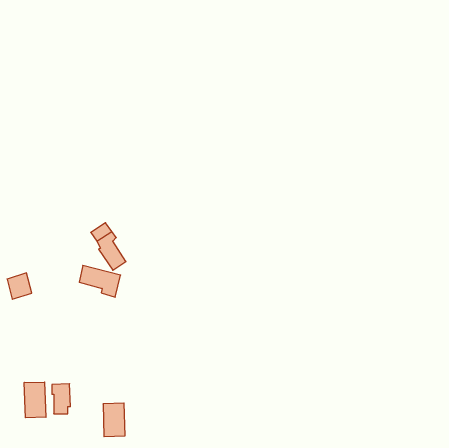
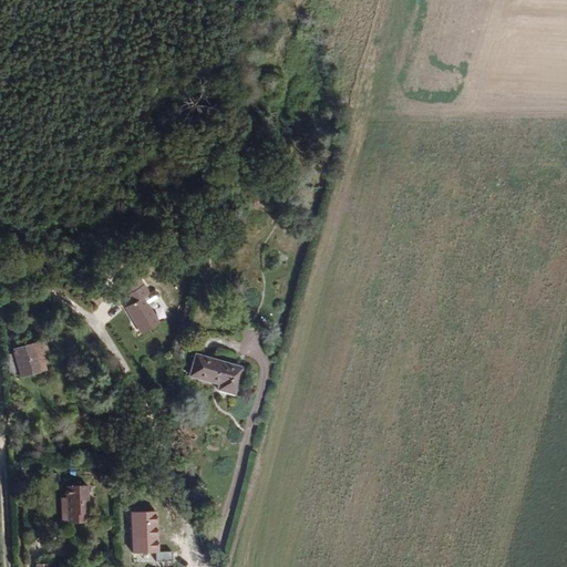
building: [79,265,121,297] -> [195,355,247,395]
building: [24,382,46,418] -> none

